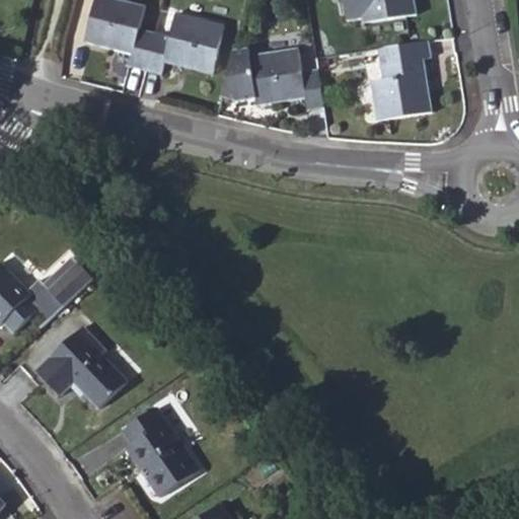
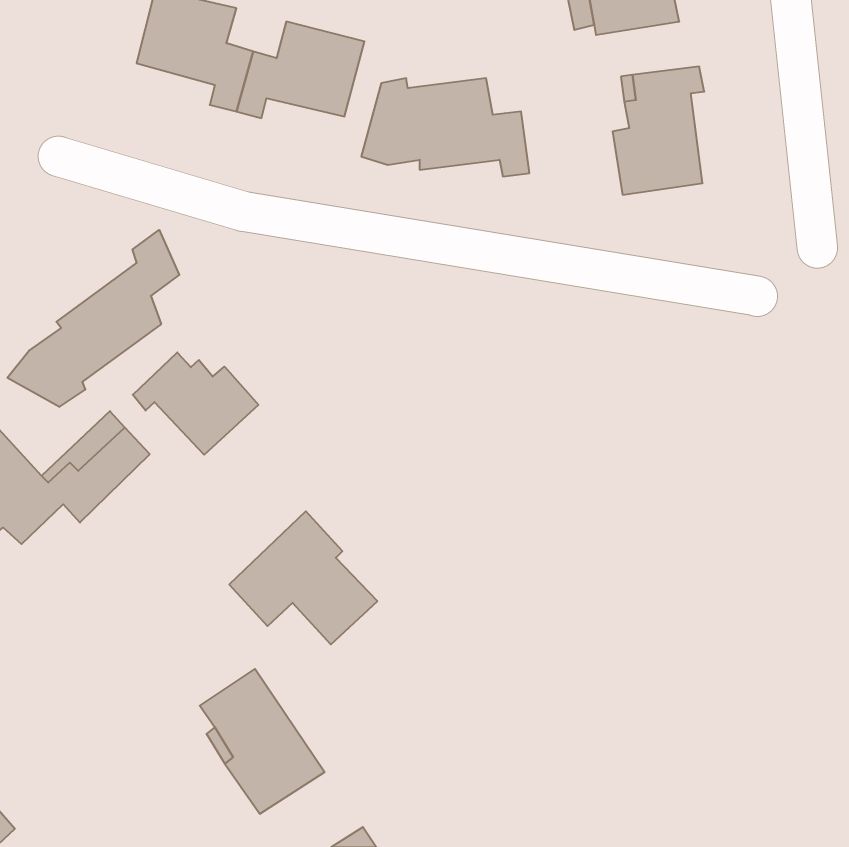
building: none -> [7,230,179,407]
building: none -> [133,352,258,455]
building: [36,325,127,406] -> [229,511,377,644]

